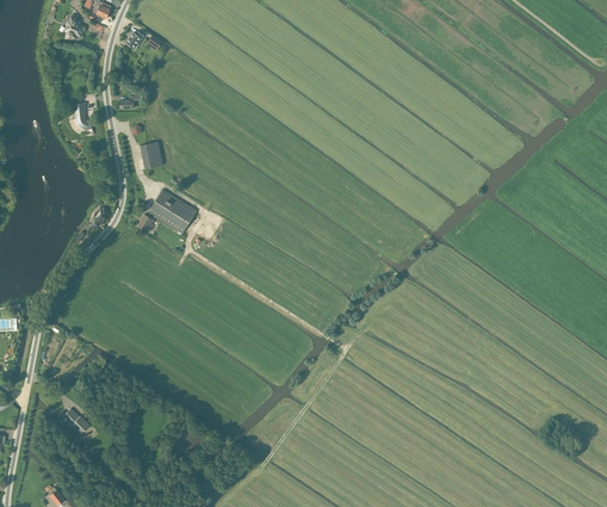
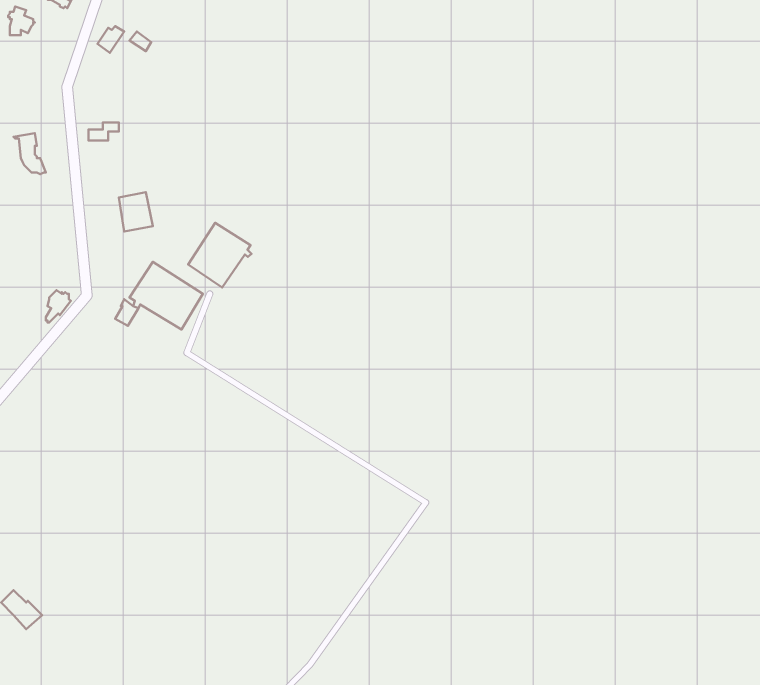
building: none -> [188,223,251,288]

